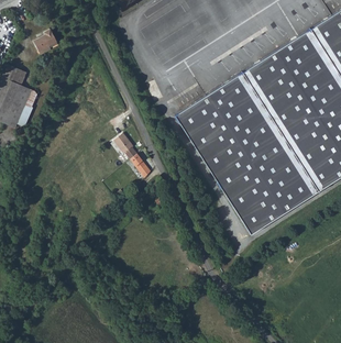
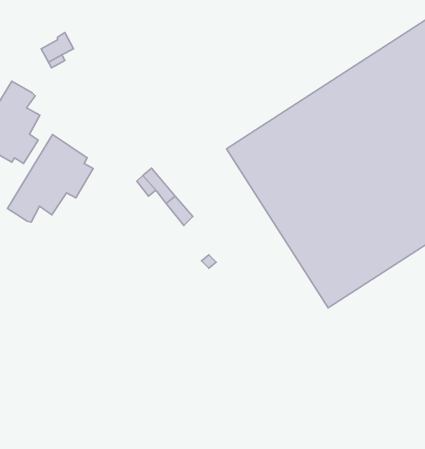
building: none -> [8,135,93,222]

